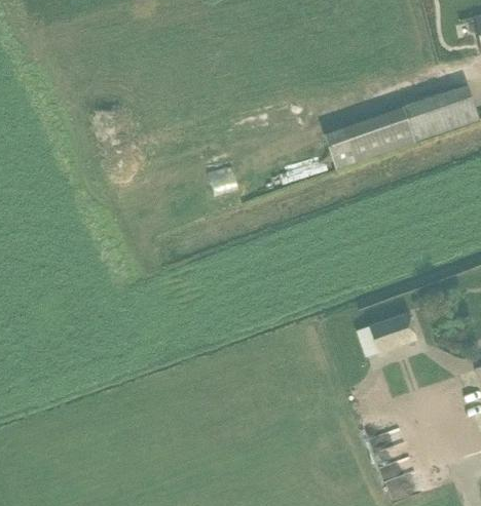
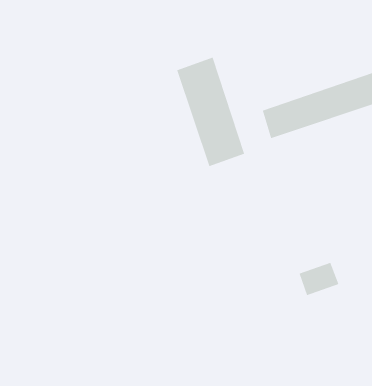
building: none -> [176,56,245,167]

